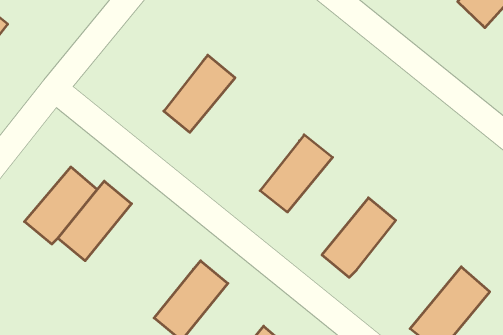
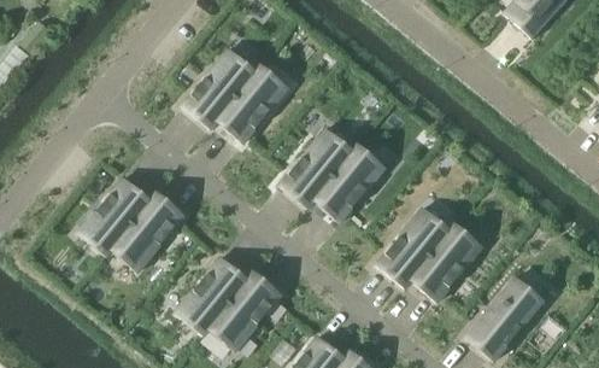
building: none -> [180,46,254,125]
building: none -> [277,127,352,206]
building: none -> [410,223,483,303]
building: none -> [171,256,245,334]

